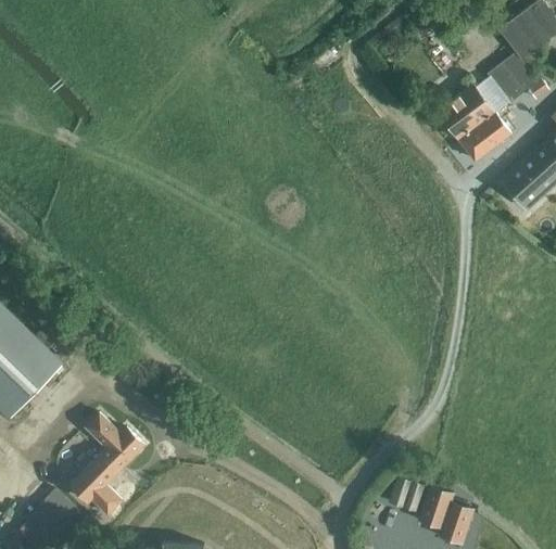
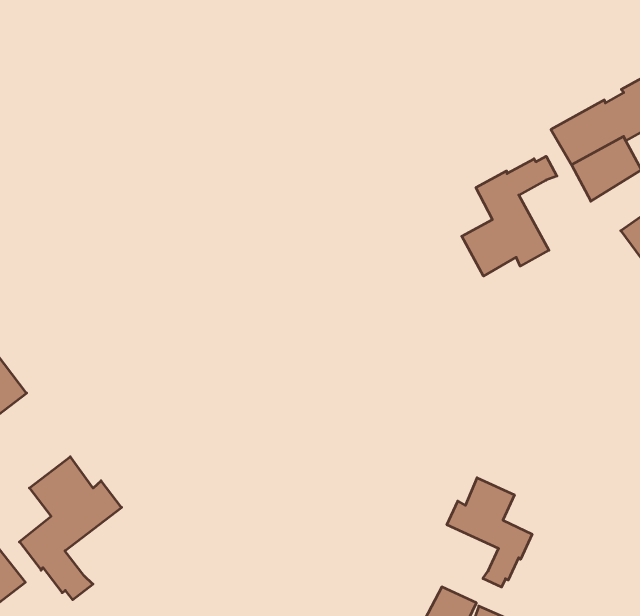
building: none -> [462,156,557,276]
building: none -> [447,478,532,587]

